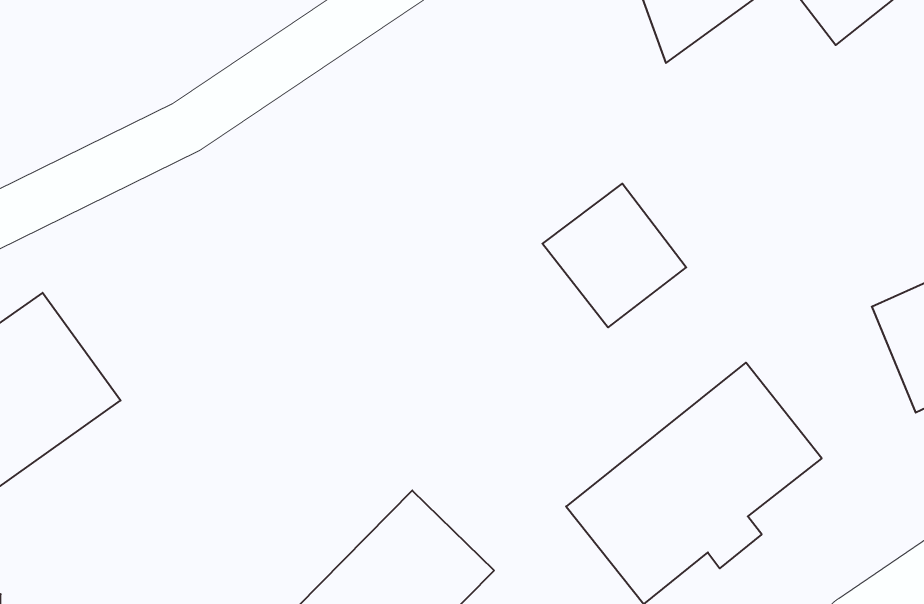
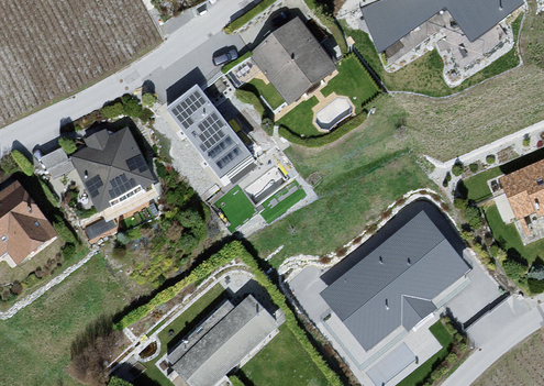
building: none -> [164,85,247,178]
building: [542,184,686,327] -> [251,20,330,99]
building: none -> [70,128,151,206]

